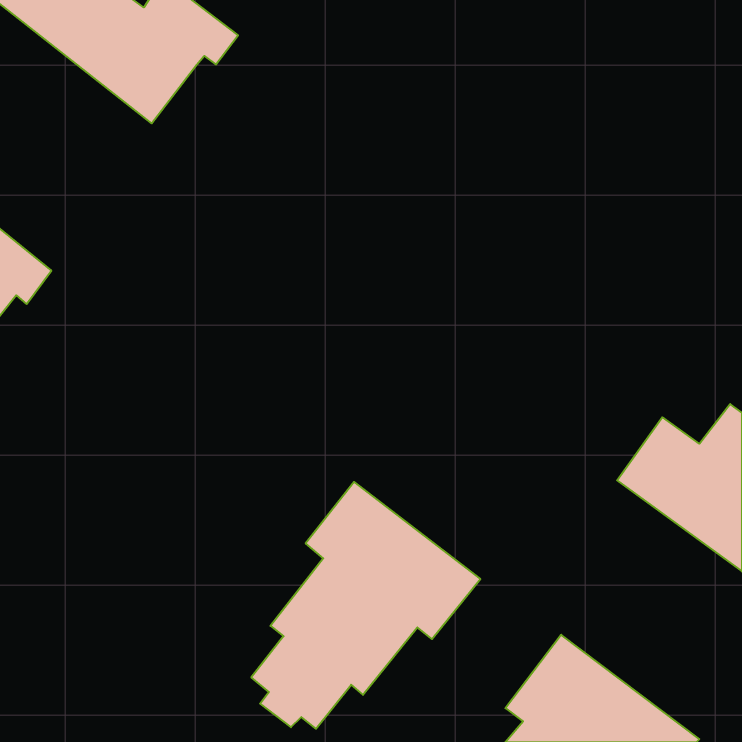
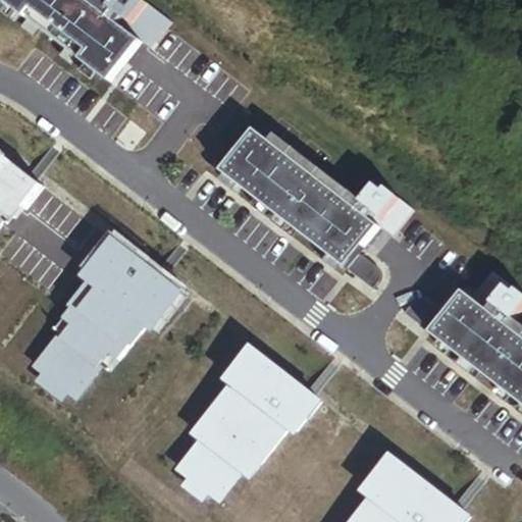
building: none -> [216,129,413,267]
building: none -> [33,244,174,399]

